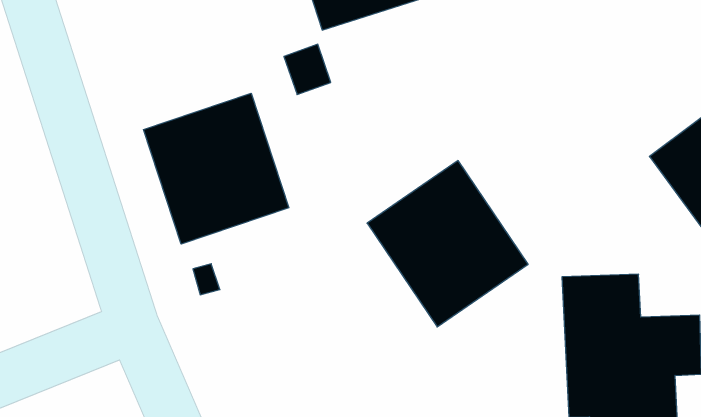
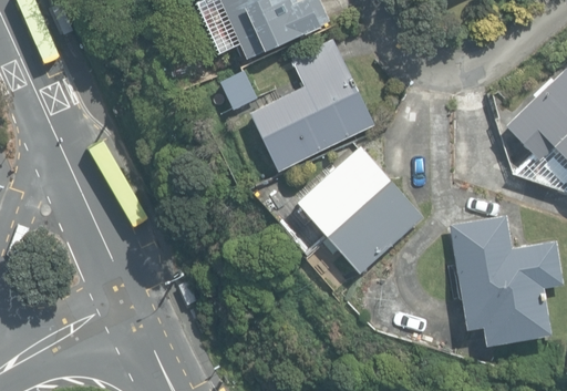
building: none -> [248,40,374,174]
building: [143,93,289,244] -> none

